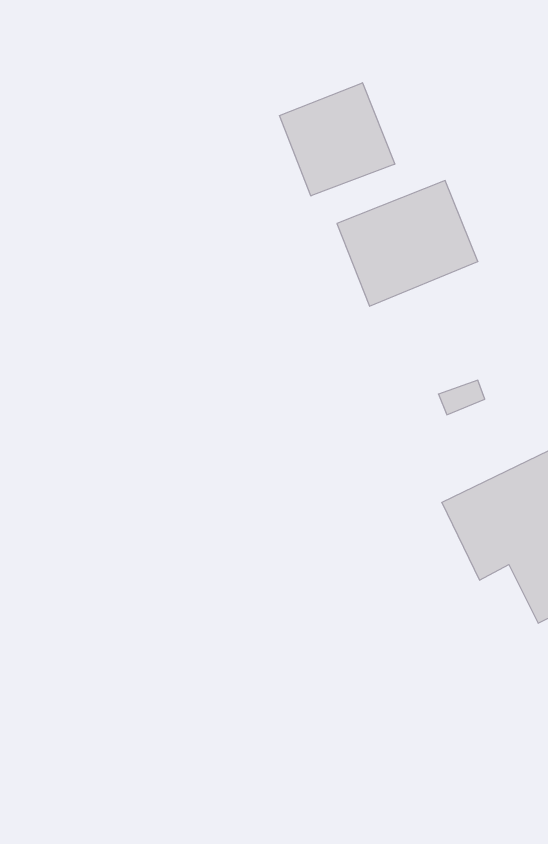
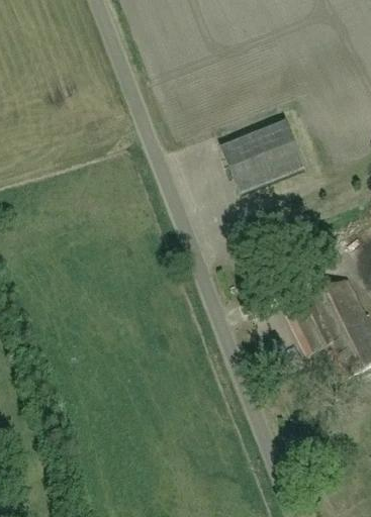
building: [280,83,395,196] -> none

